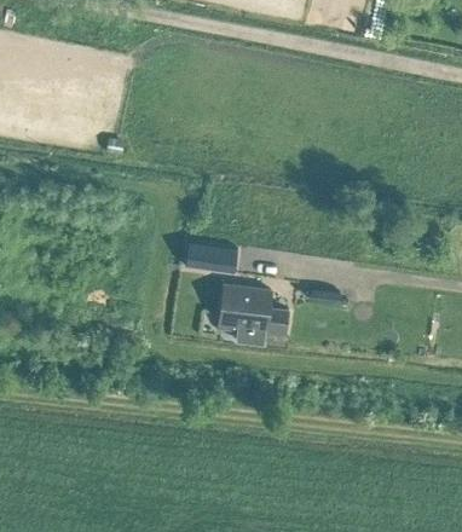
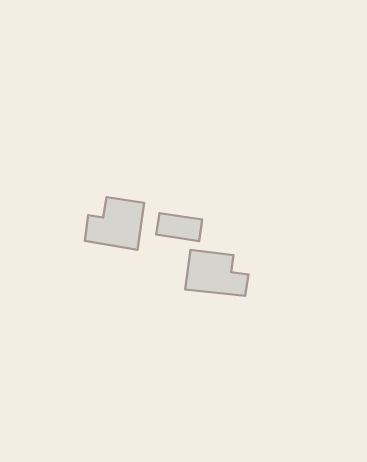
building: none -> [85,197,144,250]

